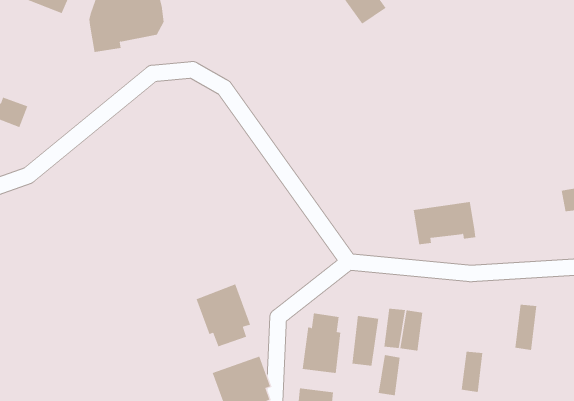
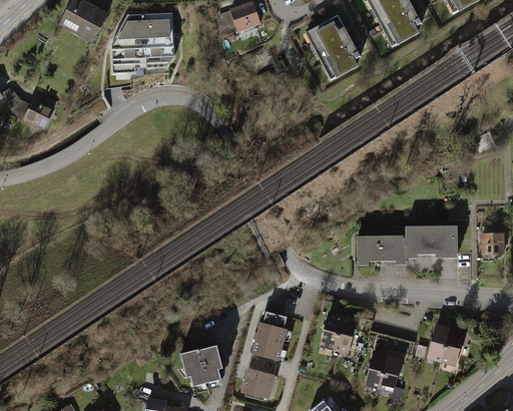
building: none -> [406,226,458,258]
building: [196,284,251,347] -> none
building: none -> [441,327,467,367]
building: [352,315,379,367] -> none
building: [378,354,400,396] -> [365,353,387,388]

